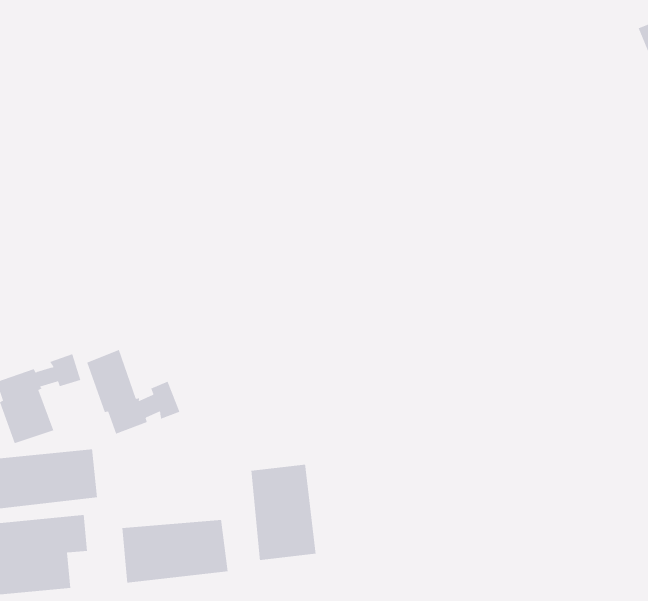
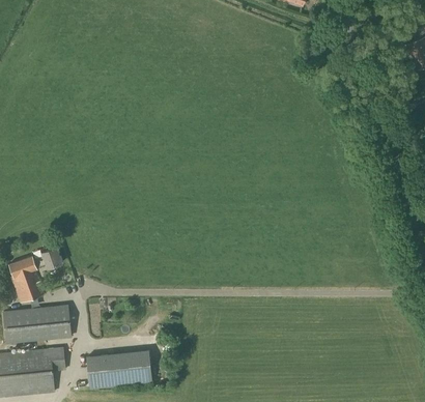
building: [86,349,180,435] -> none
building: [251,464,316,561] -> none

